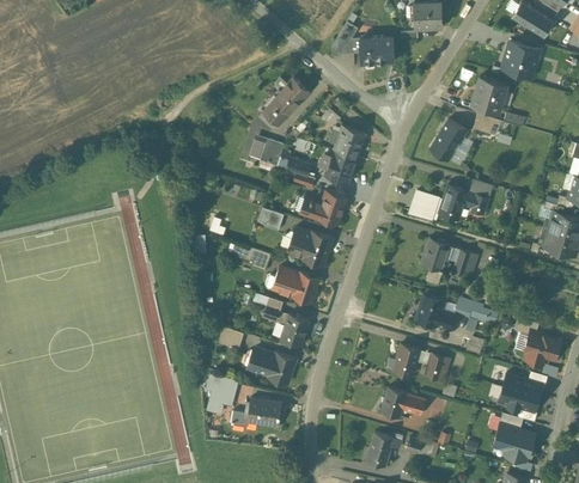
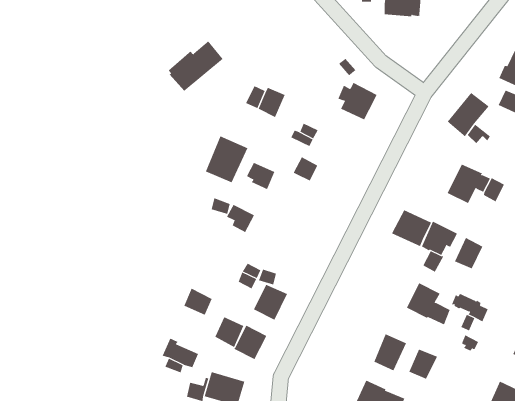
building: [261,78,309,126] -> [168,41,224,92]
building: [322,151,356,183] -> none
building: none -> [205,135,248,183]
building: [408,190,443,221] -> [391,209,432,247]
building: [316,191,346,225] -> none
building: [287,227,331,265] -> none
building: [273,267,318,302] -> none

